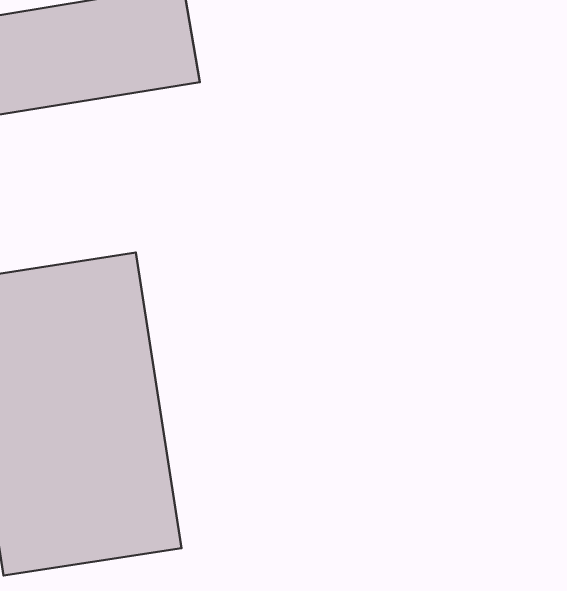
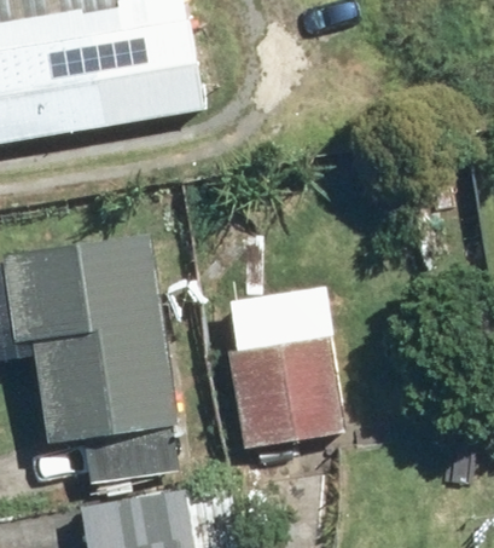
building: none -> [231,328,332,443]

